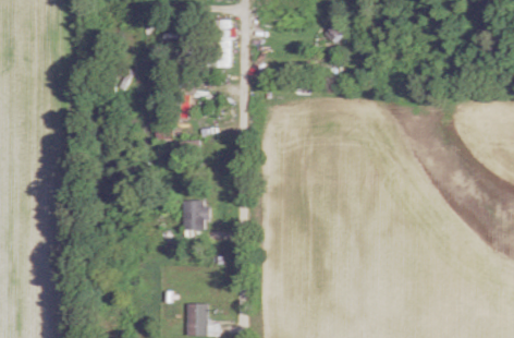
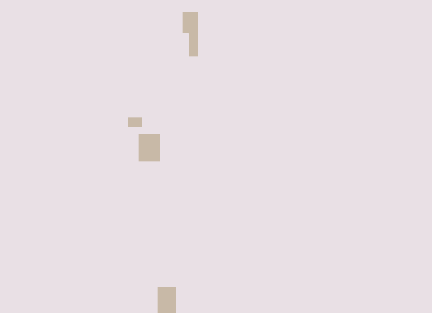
building: [183,200,207,229] -> [138,133,161,162]

